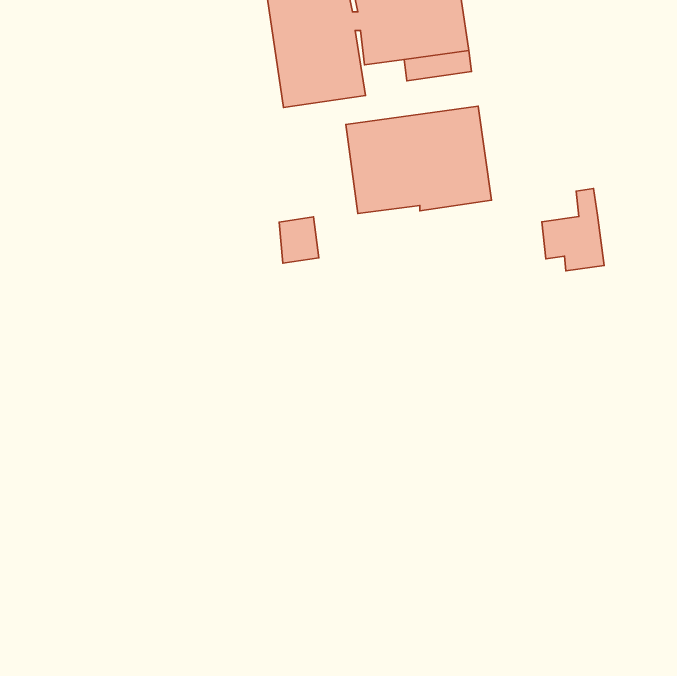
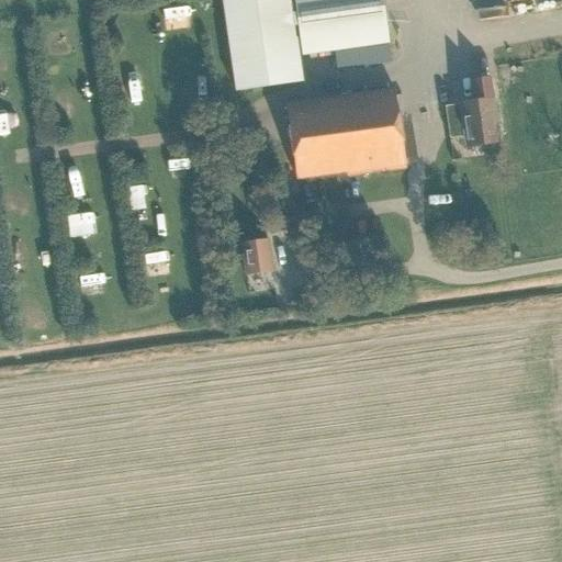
building: [542,189,604,271] -> [447,78,498,146]
building: [279,217,319,263] -> [240,236,273,274]

